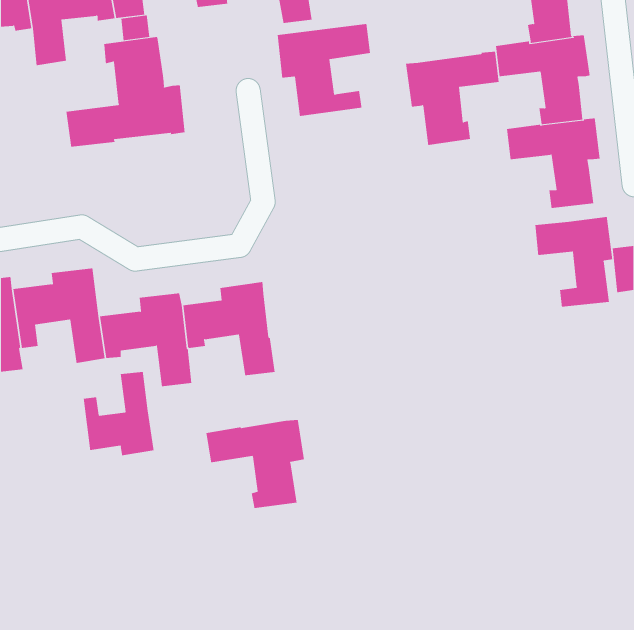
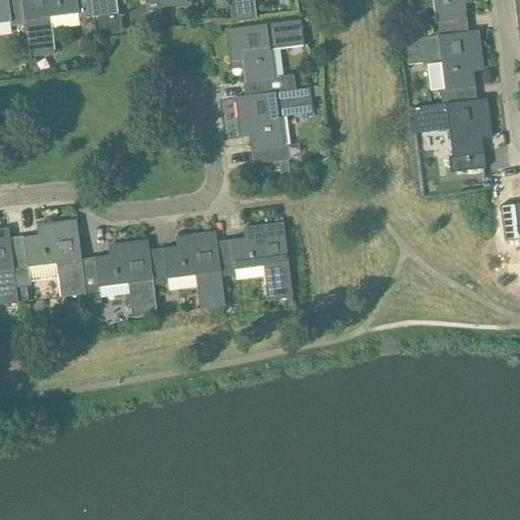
building: [66,36,185,148] -> none
building: [405,51,499,145] -> [235,86,312,164]
building: [535,216,613,308] -> none
building: none -> [216,222,292,300]
building: [83,371,154,456] -> none
building: [206,419,305,509] -> none

